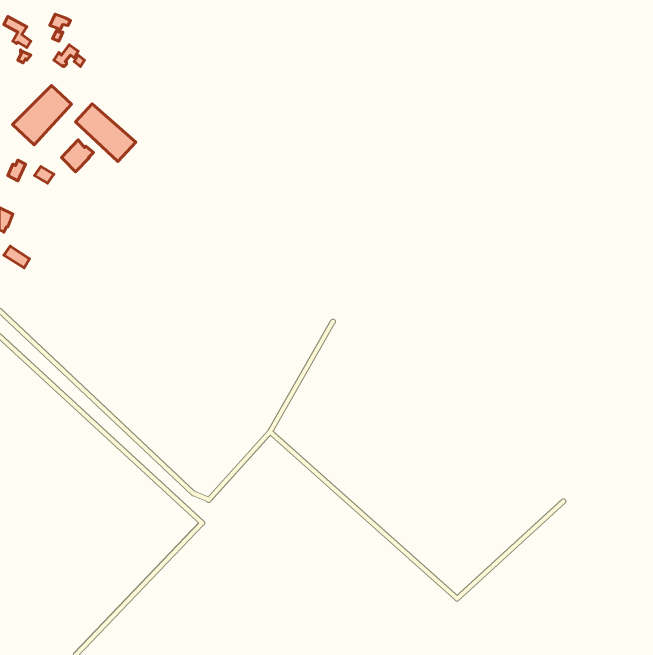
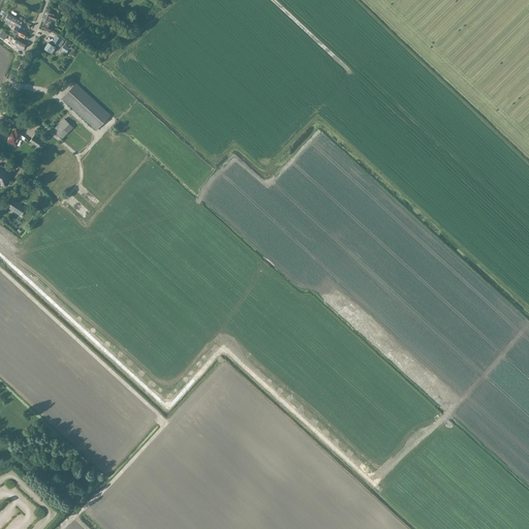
building: [13,85,72,145] -> none

